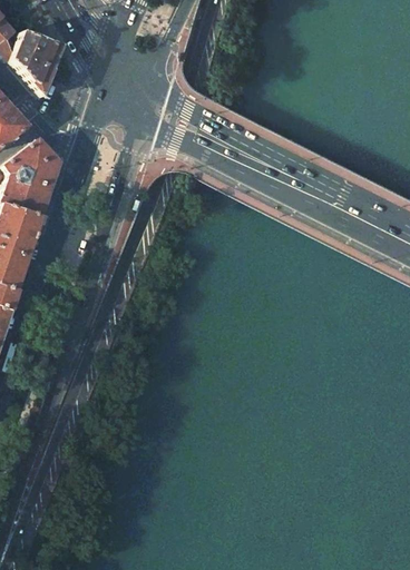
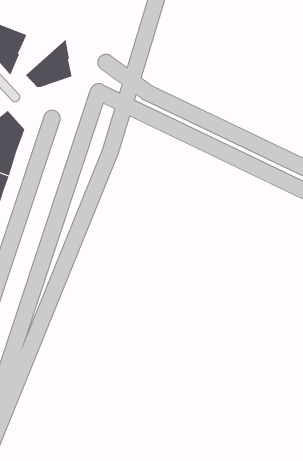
building: none -> [25,39,72,88]

